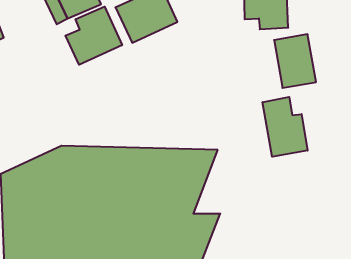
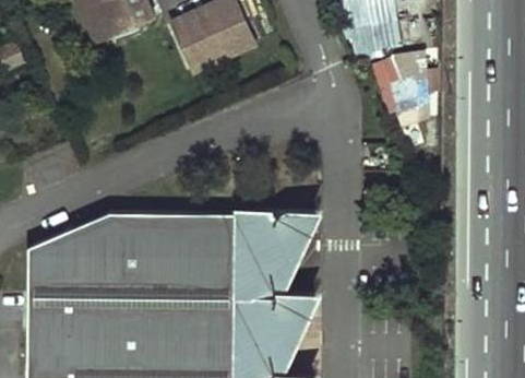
building: [65,7,122,65] -> none
building: [263,97,308,157] -> none

